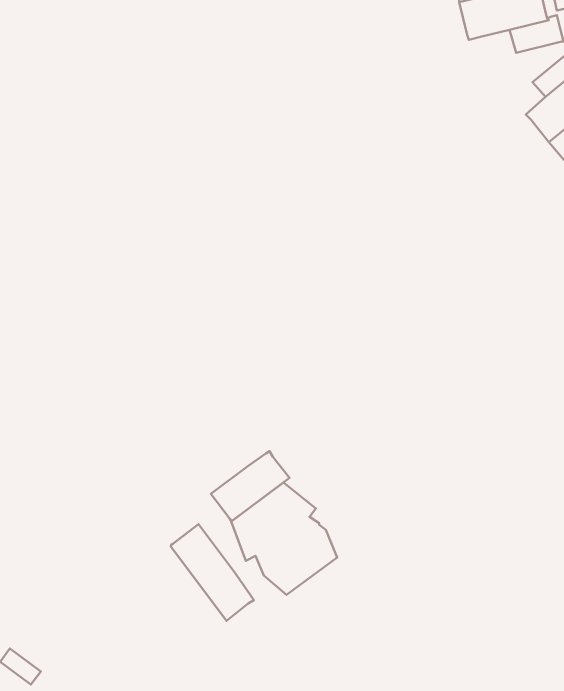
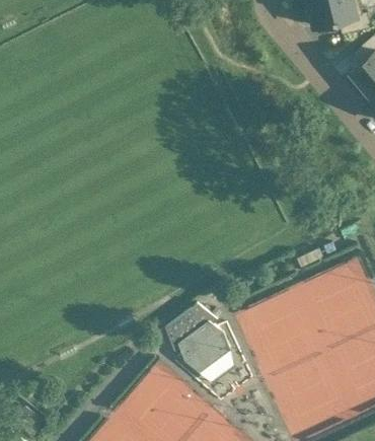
building: [211,451,290,521] -> none
building: [171,524,254,621] -> none

